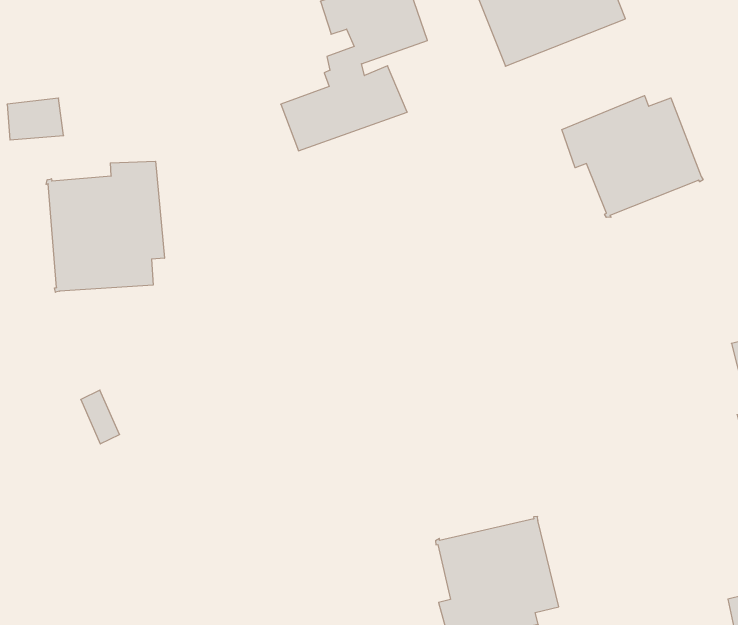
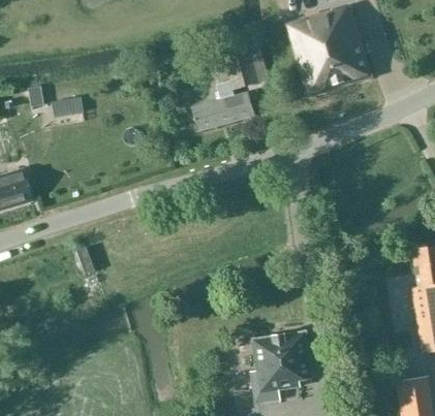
building: [562,96,703,217] -> none
building: [46,161,164,292] -> none

